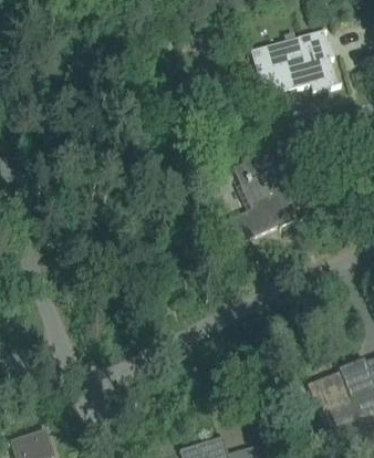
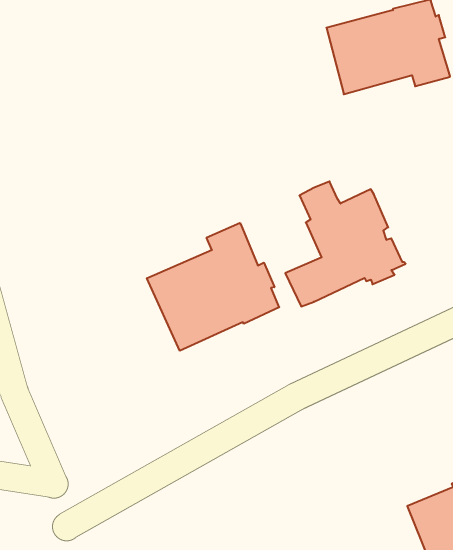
building: none -> [147,223,279,351]

